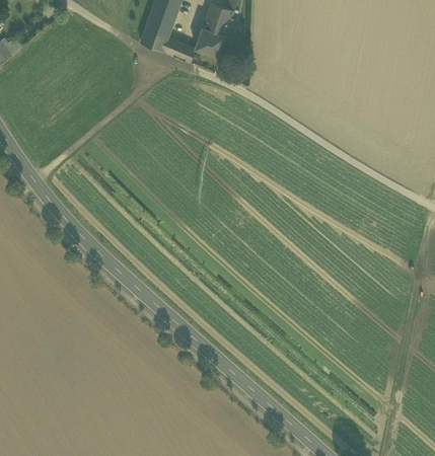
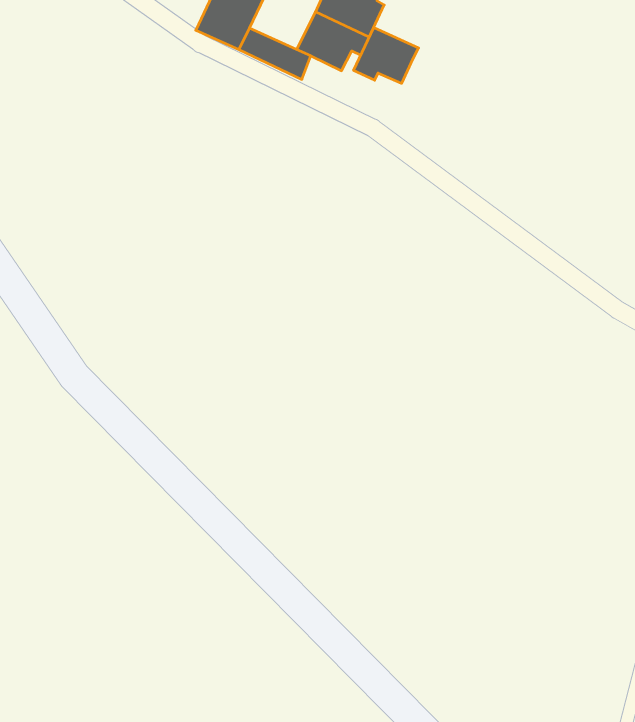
building: none -> [354,28,419,83]

